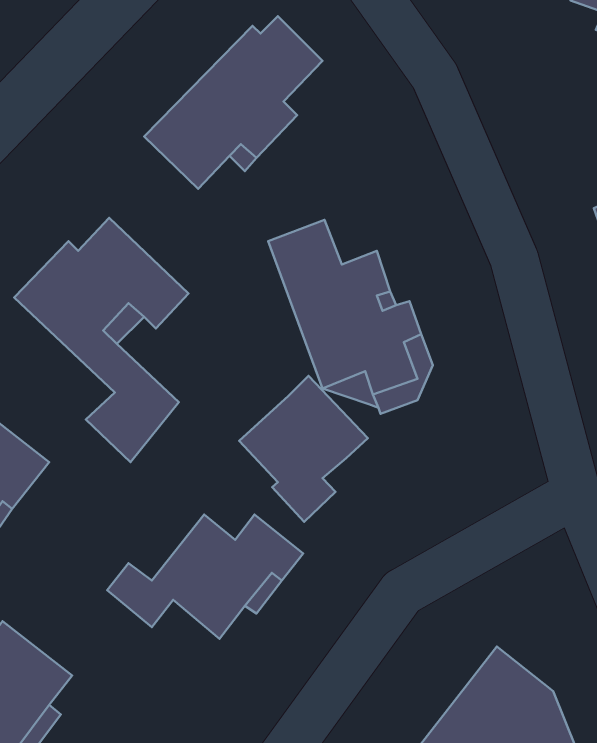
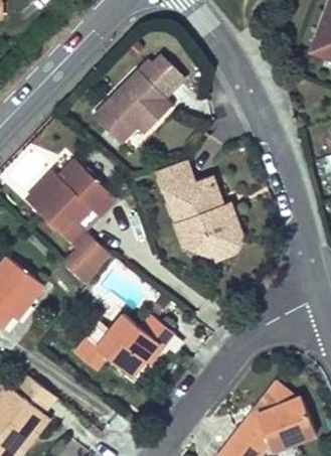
building: [239,376,368,522] -> none

